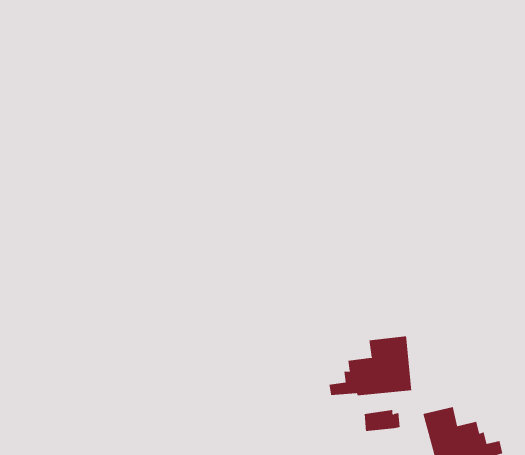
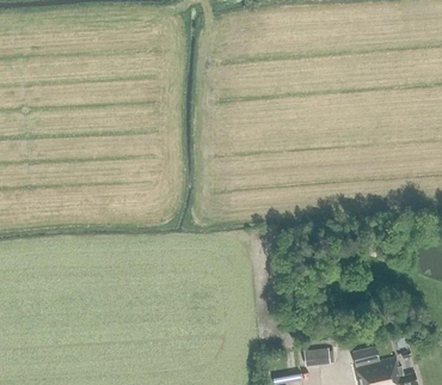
building: [329,335,412,396] -> none

